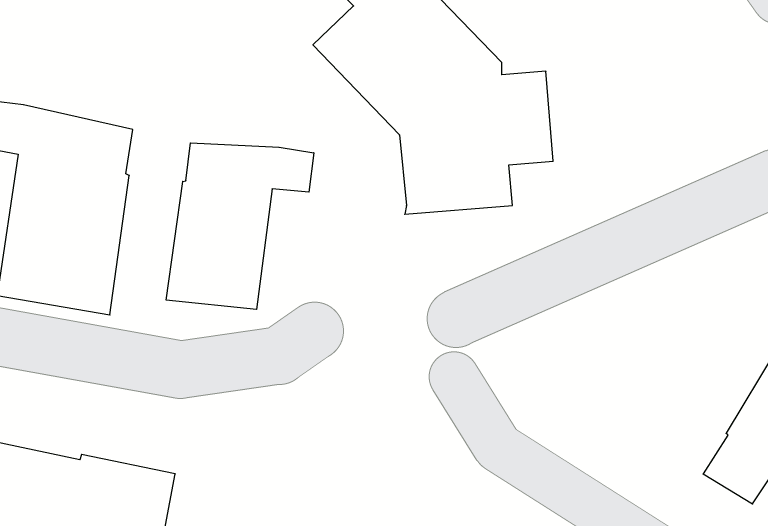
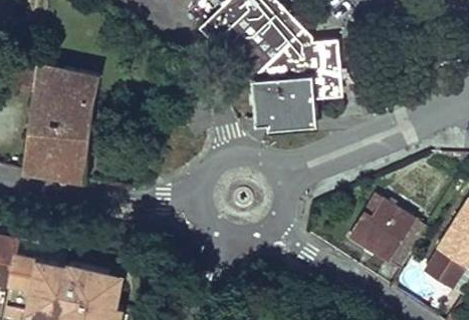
building: [166,143,314,309] -> none
building: none -> [349,198,427,271]

